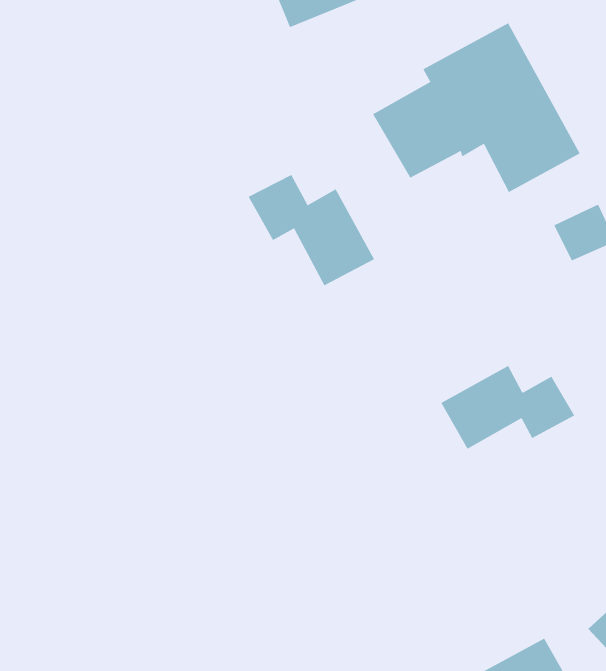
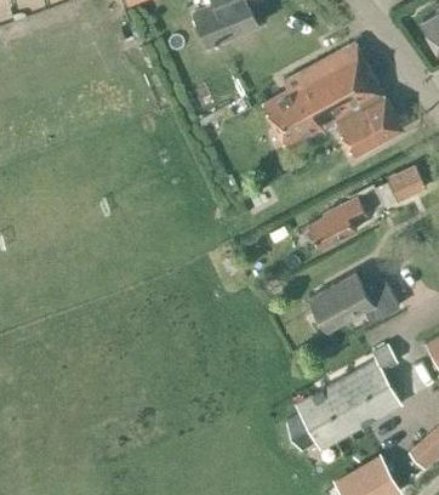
building: [248,174,375,286] -> none
building: none -> [308,197,366,249]
building: none -> [287,343,401,449]

